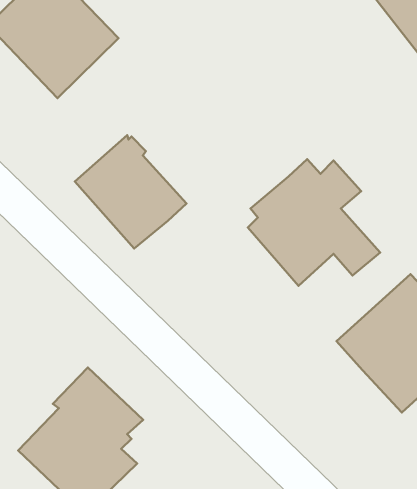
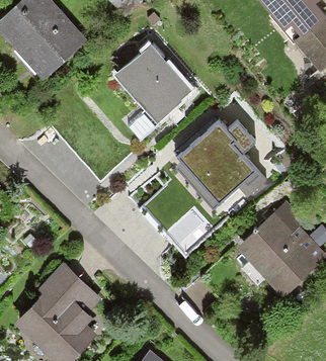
building: [75,135,187,249] -> [114,46,192,124]

